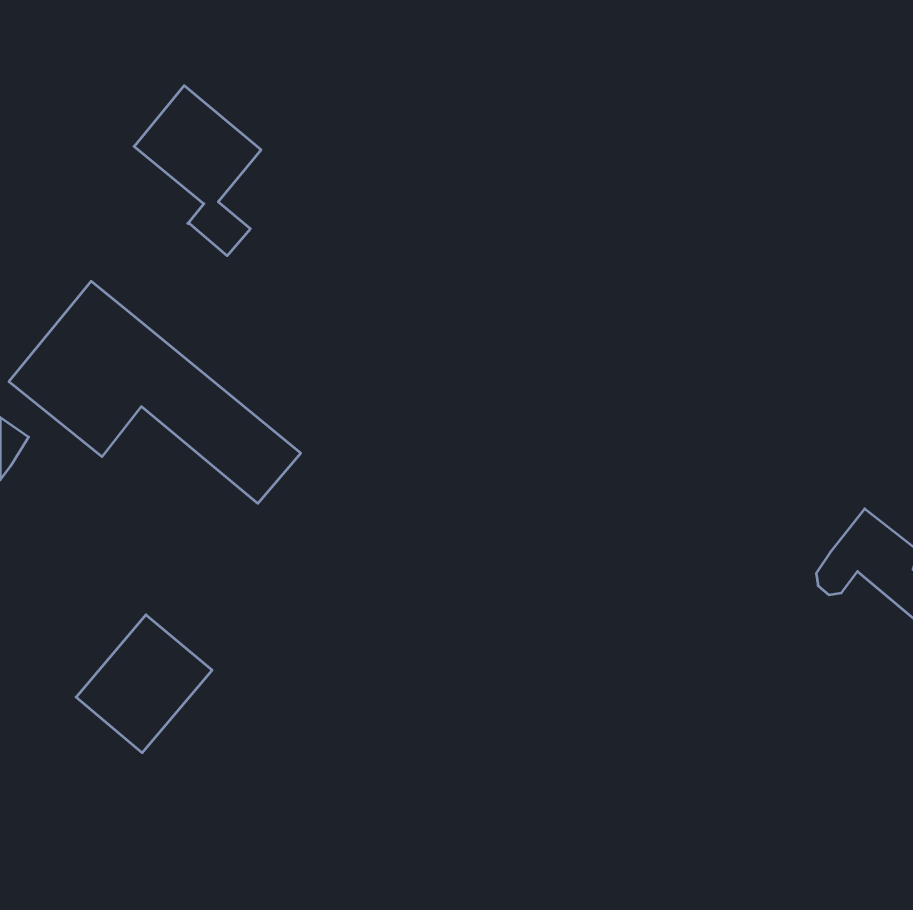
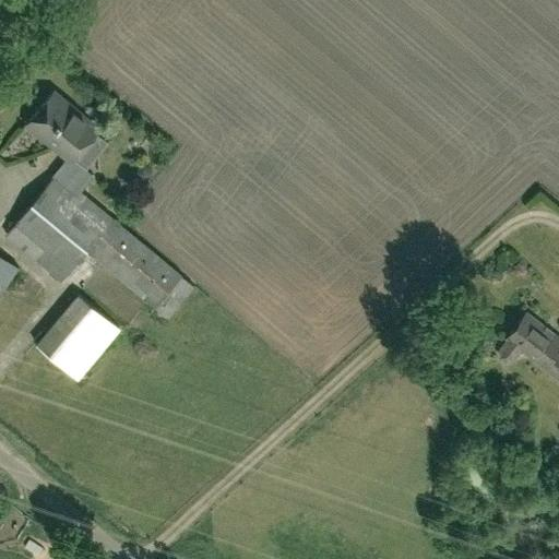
building: [134,86,261,256] -> [24,91,102,194]
building: [76,615,212,753] -> [37,296,120,380]

